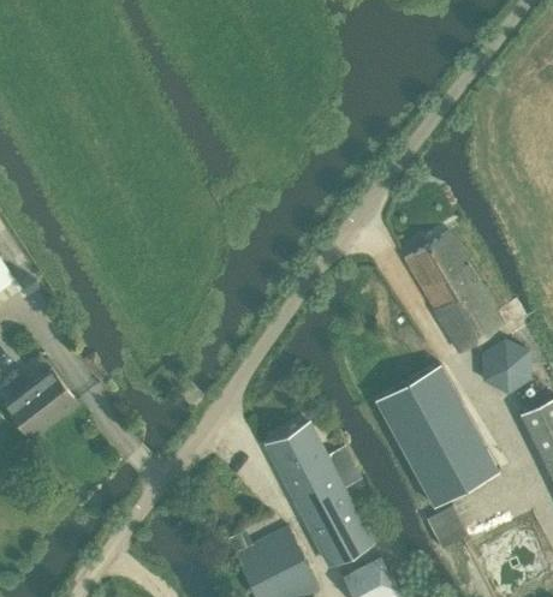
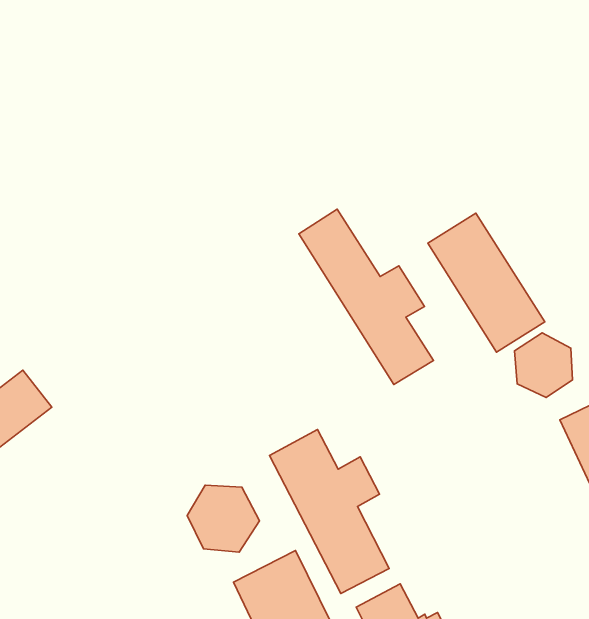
building: none -> [299,209,434,384]
building: [374,365,498,508] -> none
building: none -> [187,485,259,552]

